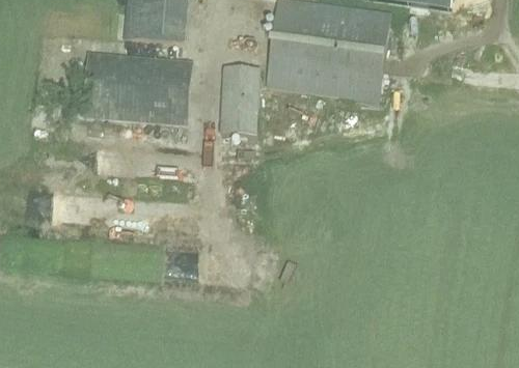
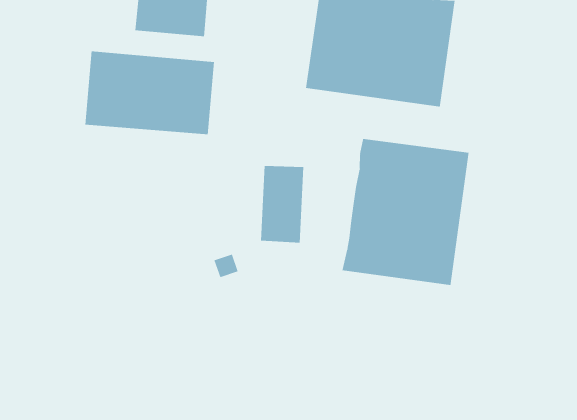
building: [221,64,257,129] -> [260,165,304,243]
building: none -> [342,138,469,286]

